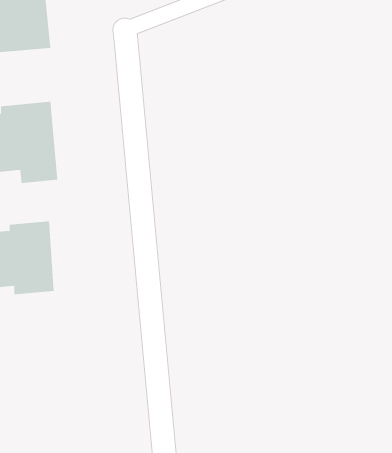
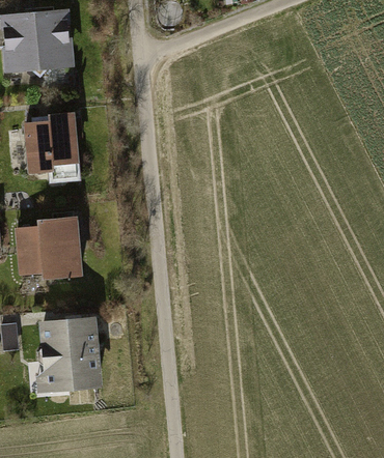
building: none -> [36,316,103,393]

